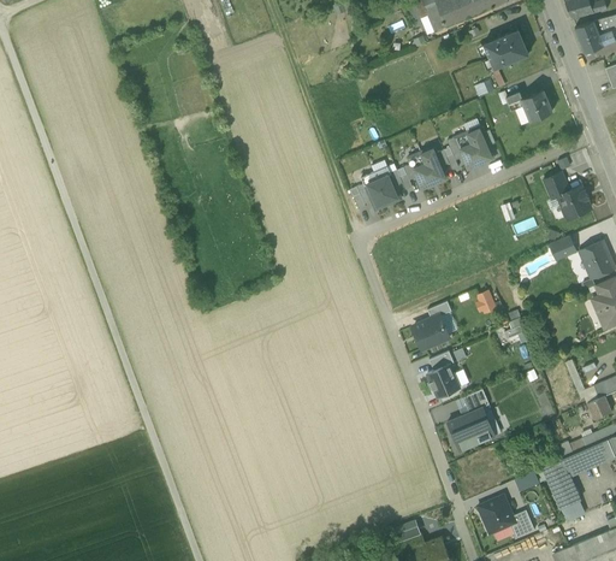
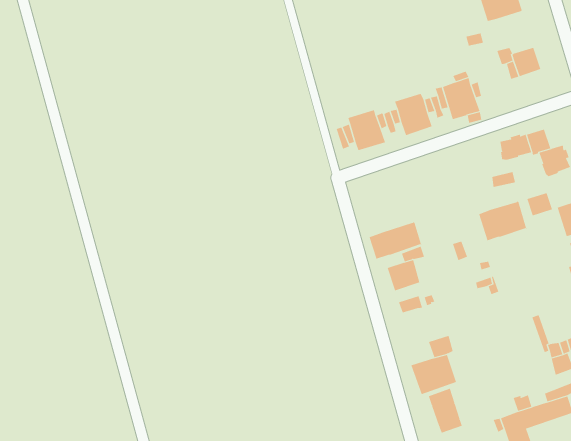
building: none -> [500,134,532,160]
building: none -> [478,201,527,241]
building: none -> [369,221,422,260]
building: [427,365,460,397] -> none
building: none -> [428,388,463,434]

